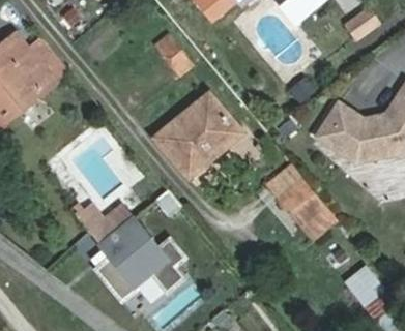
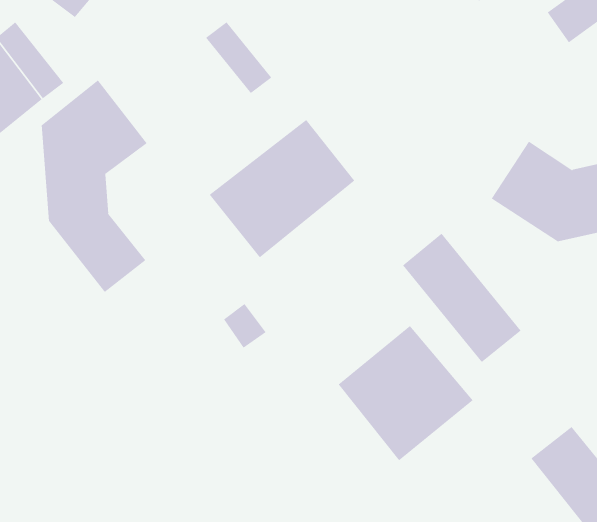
building: none -> [41,80,148,293]
building: [75,202,181,299] -> none
building: none -> [338,325,474,461]

